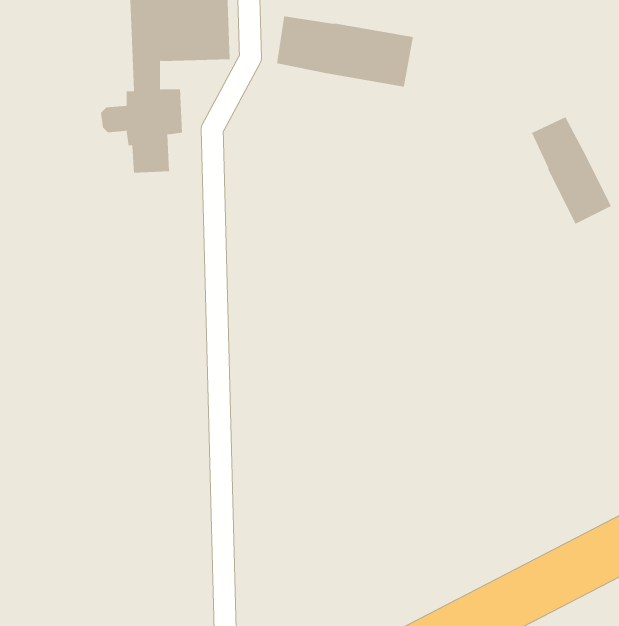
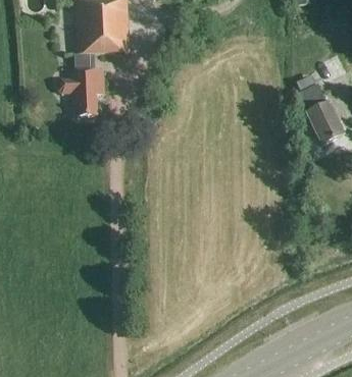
building: [276,16,413,88] -> none

